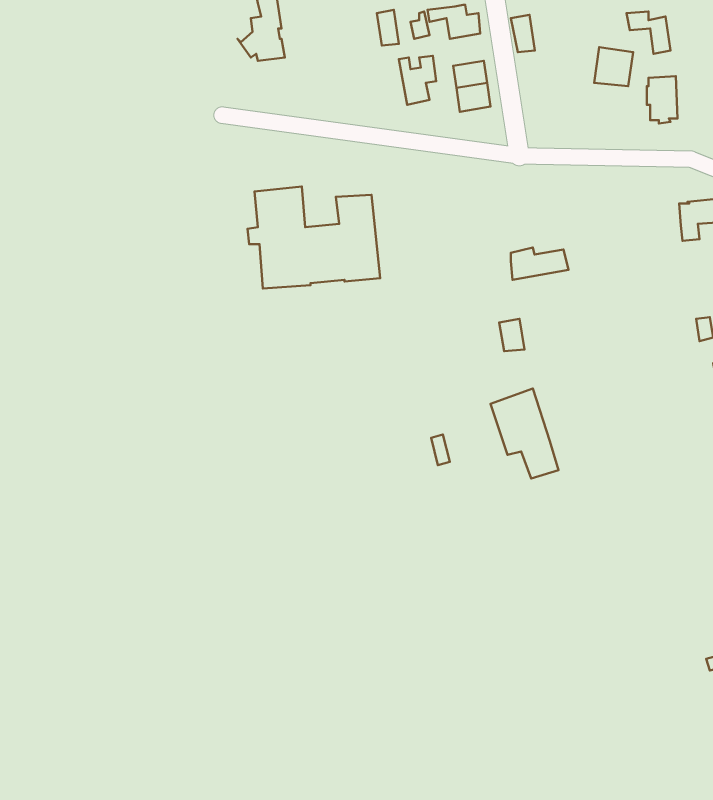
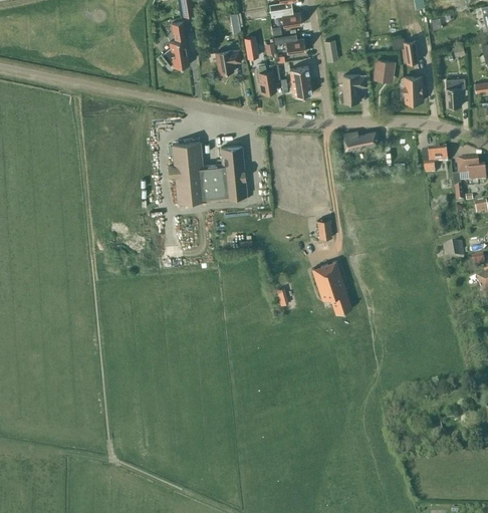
building: none -> [216,50,240,73]
building: none -> [340,74,368,102]
building: [511,248,568,280] -> [344,132,379,151]

